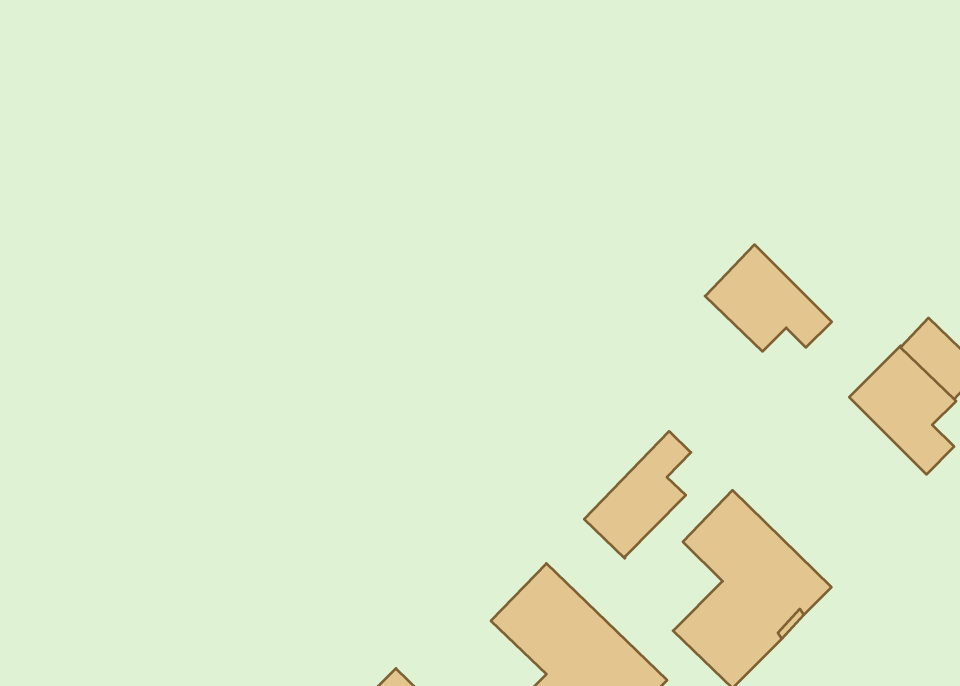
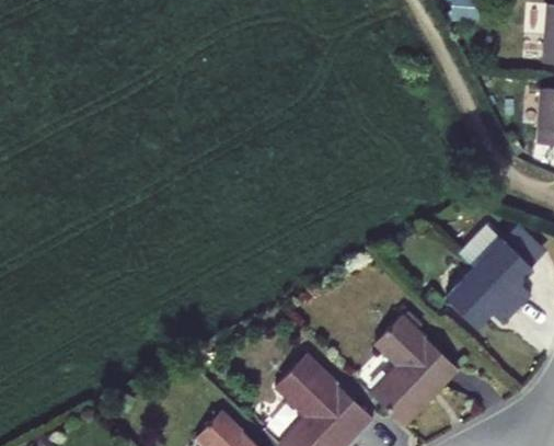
building: [705,245,832,351] -> [443,264,513,323]
building: [584,431,691,558] -> none

